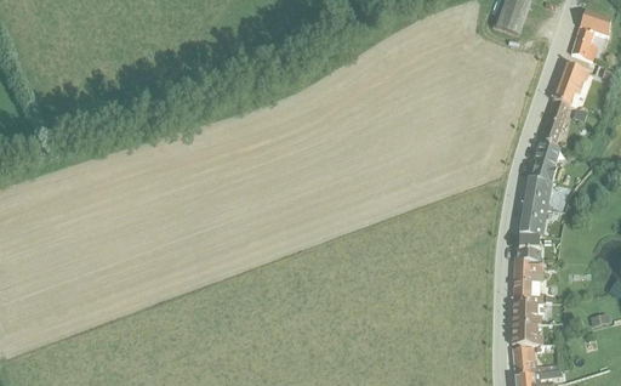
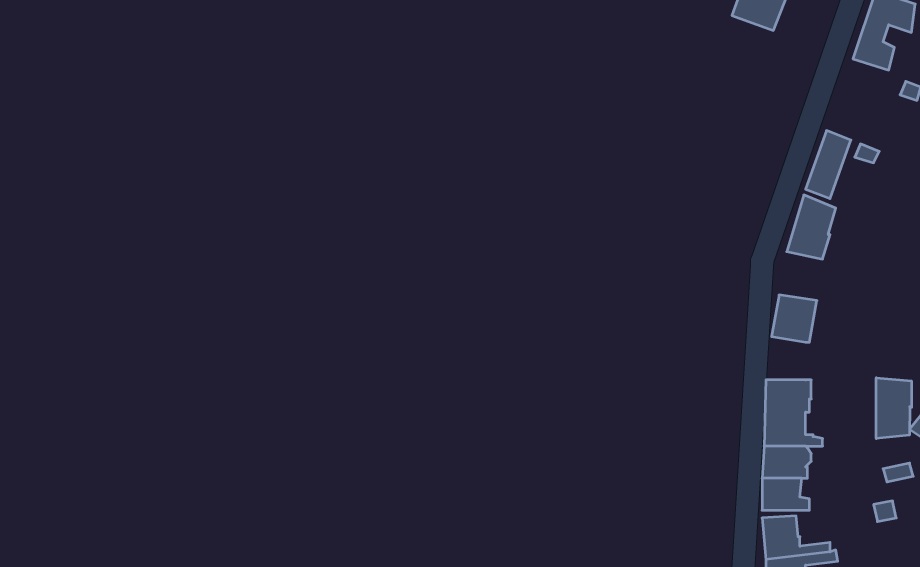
building: [552,63,587,106] -> none
building: [522,177,551,209] -> none
building: [513,232,540,260] -> none
building: none -> [876,378,912,439]

